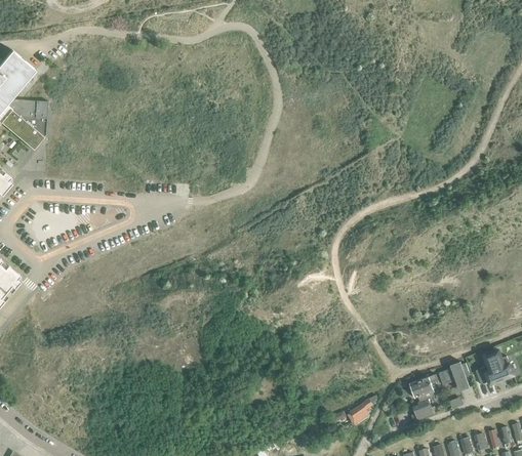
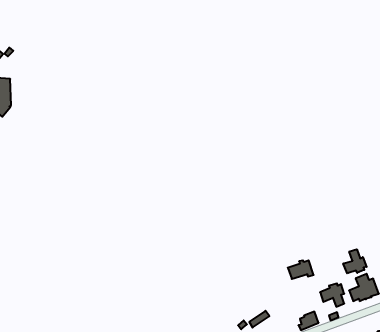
building: none -> [343,249,367,273]
building: [408,375,441,399] -> [288,260,314,279]

